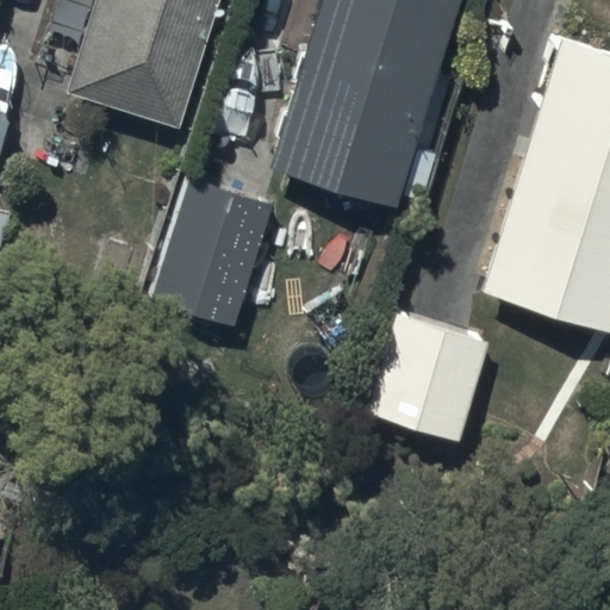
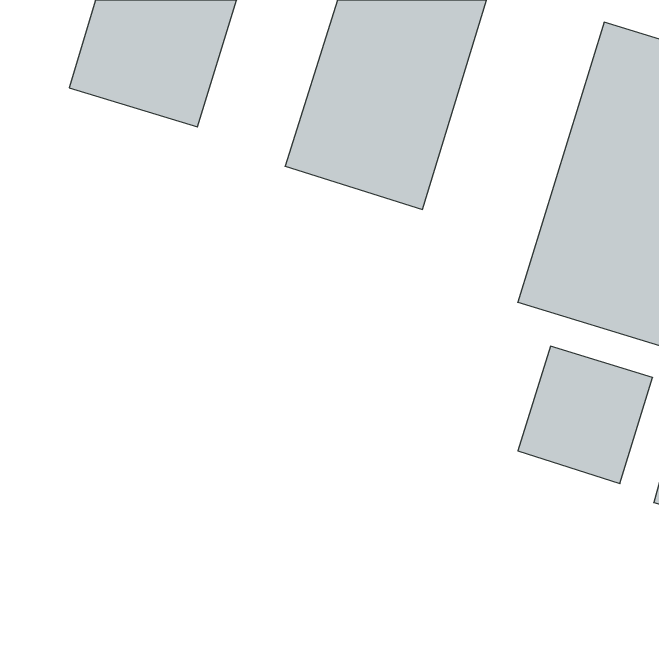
building: [152,180,278,328] -> none
building: [366,316,488,441] -> [518,346,653,484]

